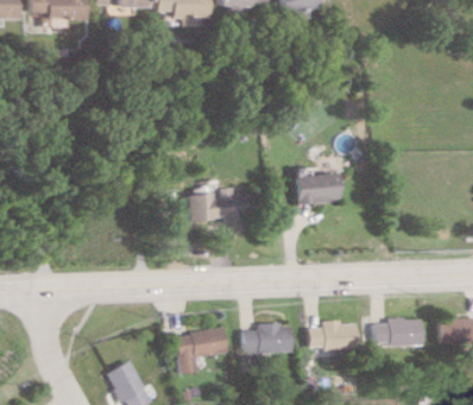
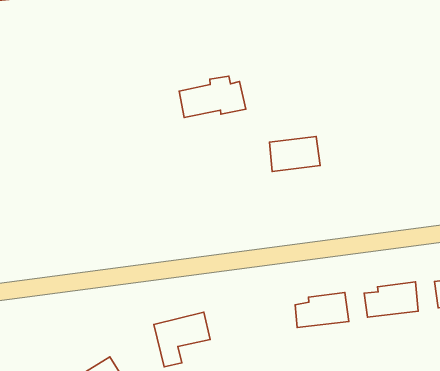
building: [189,188,250,222] -> [179,76,246,117]
building: [244,324,292,354] -> none

